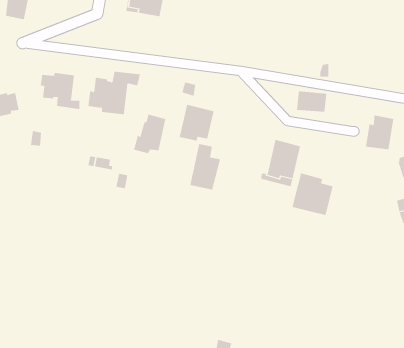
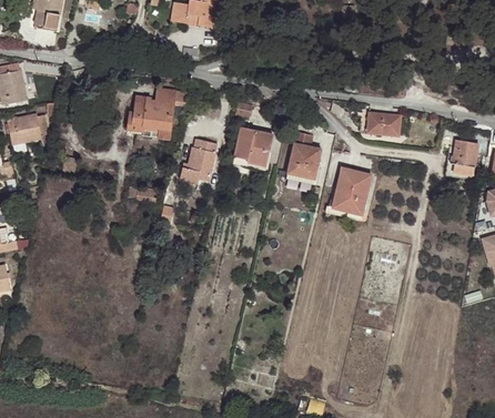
building: [40,72,80,110] -> none
building: [190,143,221,190] -> [286,131,322,184]
building: [292,173,333,216] -> none

